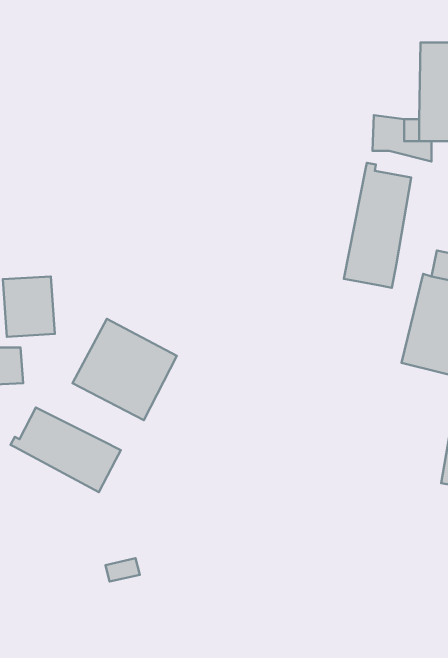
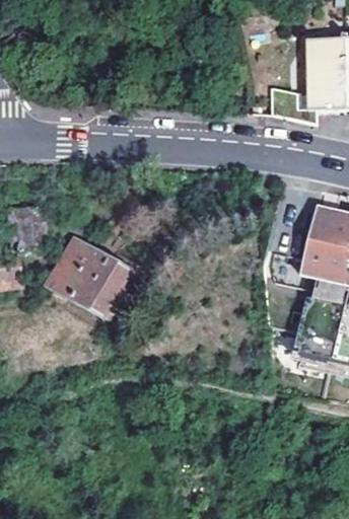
building: [344,163,411,288] -> none
building: [11,408,121,492] -> none

